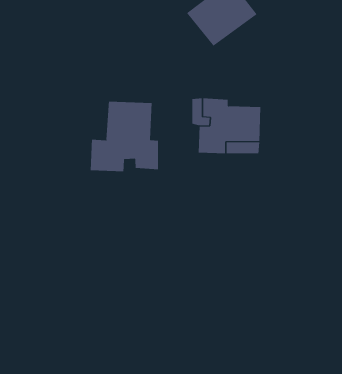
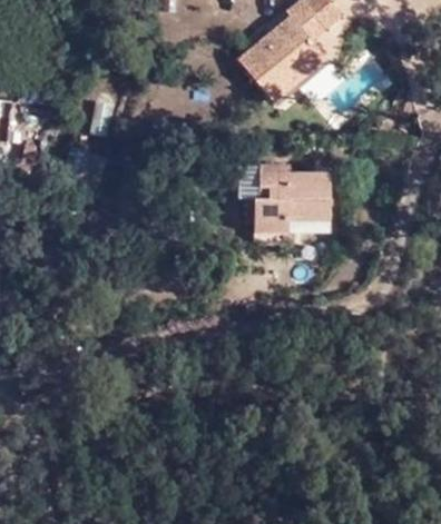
building: [90,101,159,172] -> none

